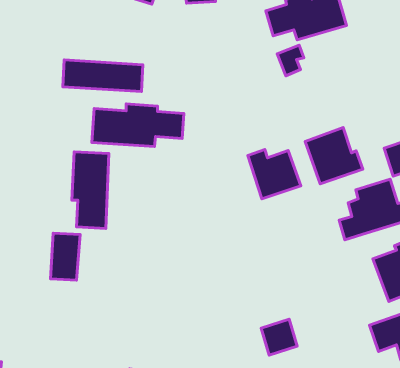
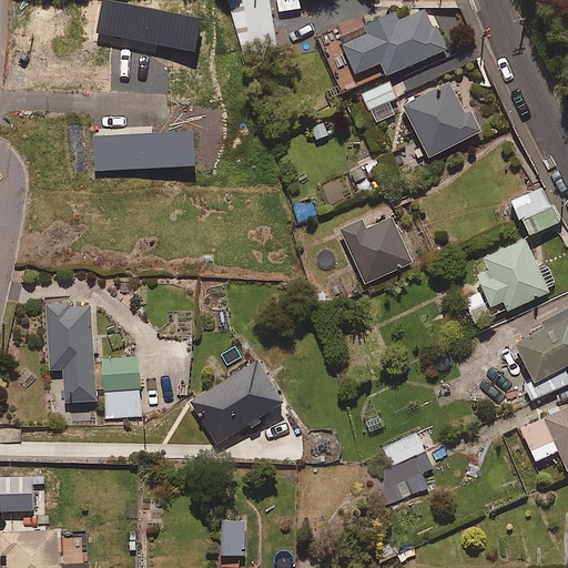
building: [92,104,184,147] -> none
building: [305,128,363,184] -> [403,82,480,158]
building: [72,152,109,229] -> [44,304,97,403]
building: none -> [189,359,283,444]

